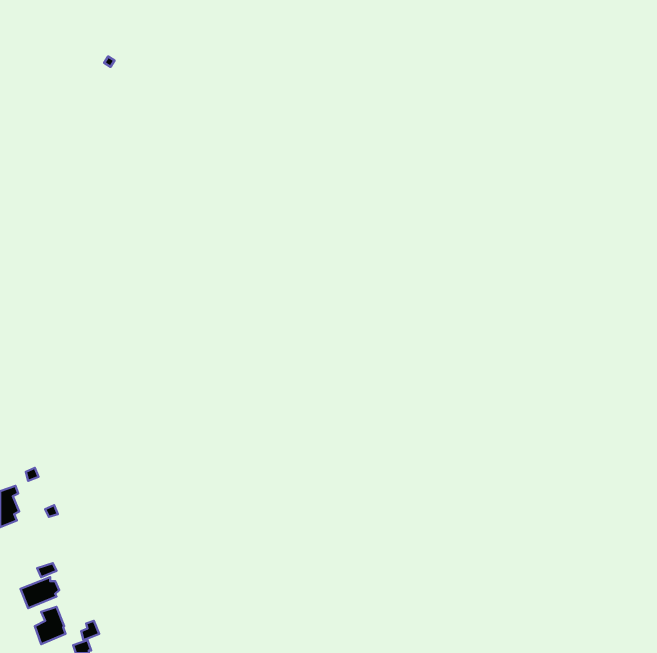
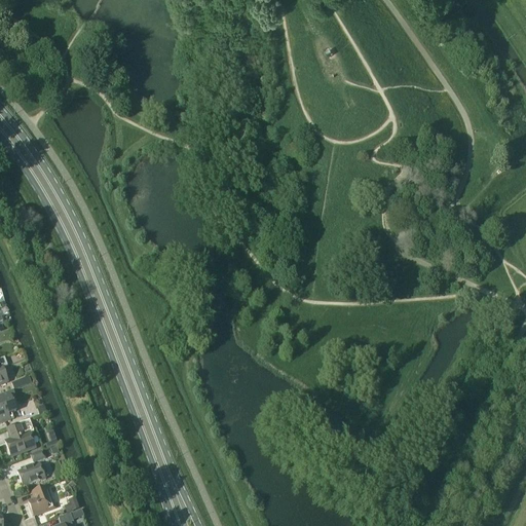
building: none -> [5,419,35,455]

